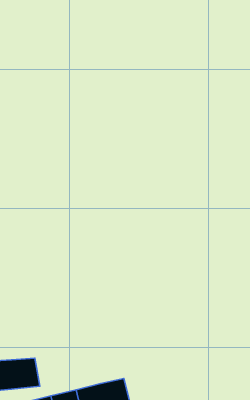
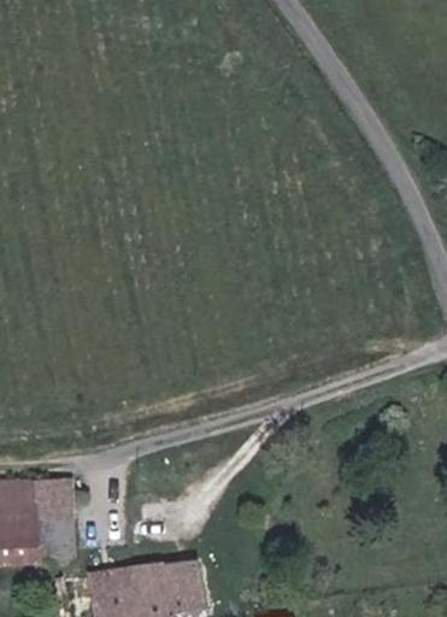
building: none -> [35,477,73,518]

